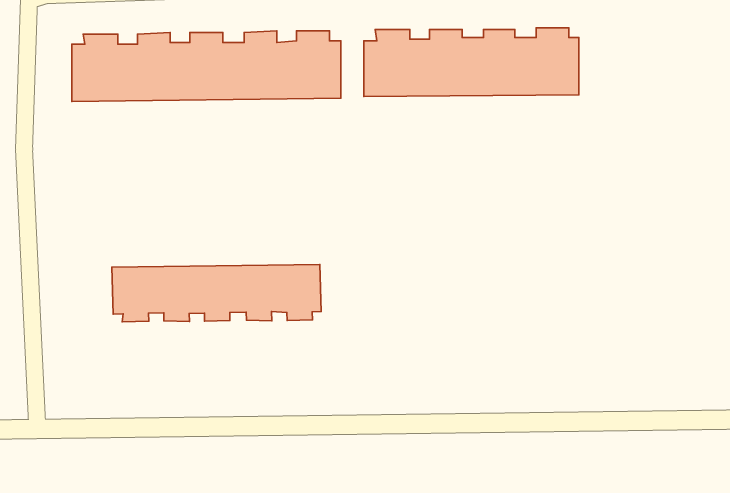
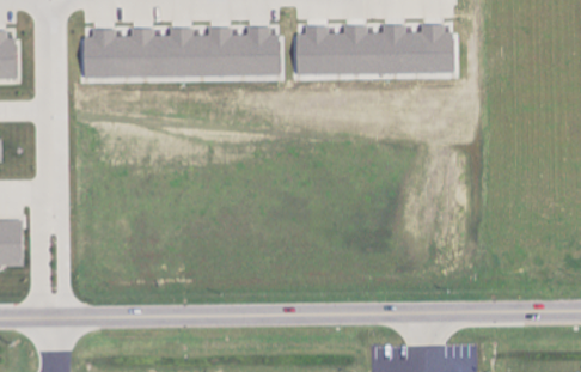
building: [112,264,321,322] -> none

